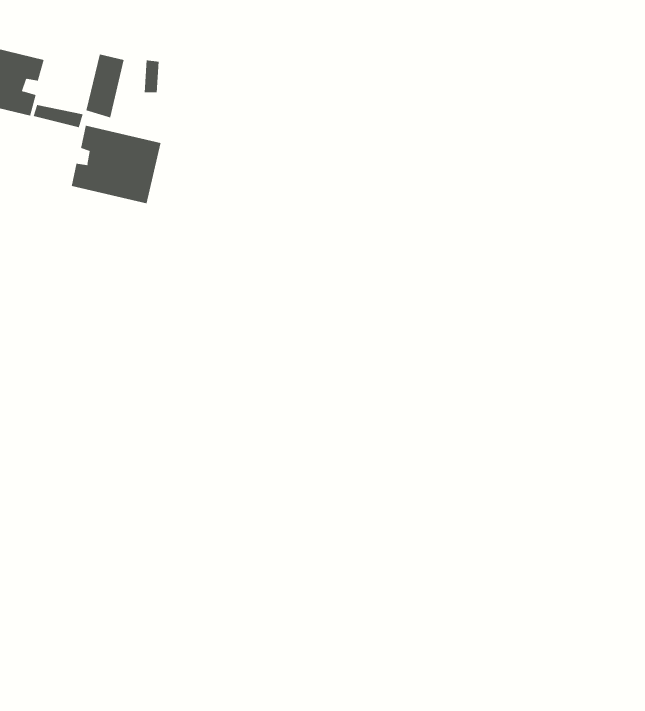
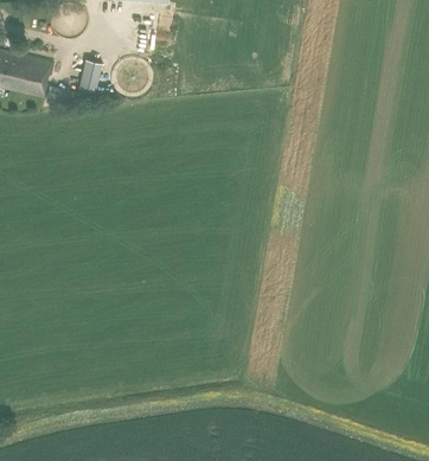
building: [71,125,161,204] -> none

